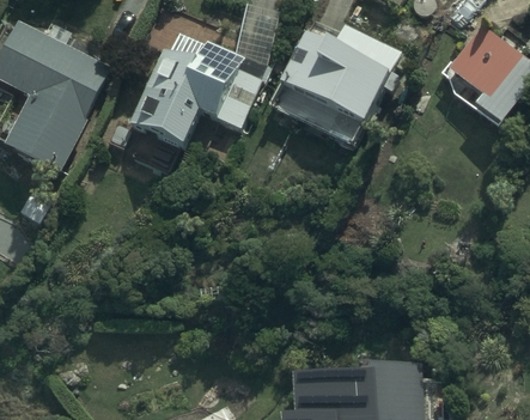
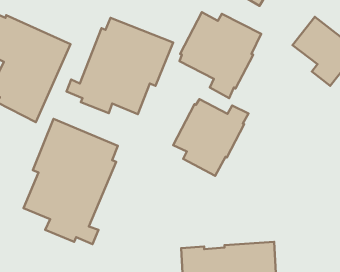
building: none -> [173,99,248,176]
building: none -> [24,119,118,244]

